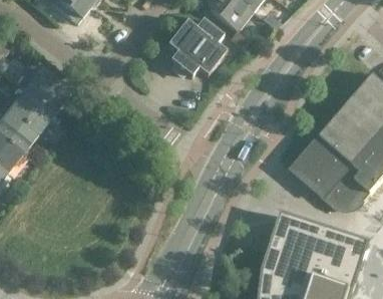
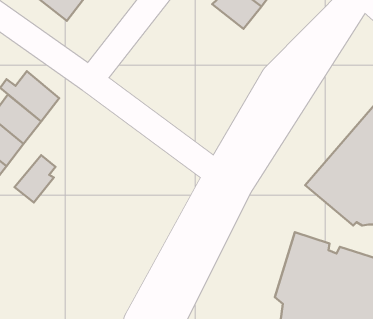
building: [167,19,227,77] -> none
building: none -> [14,155,56,203]

